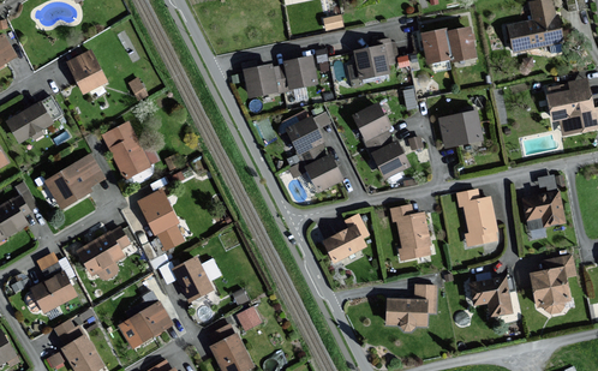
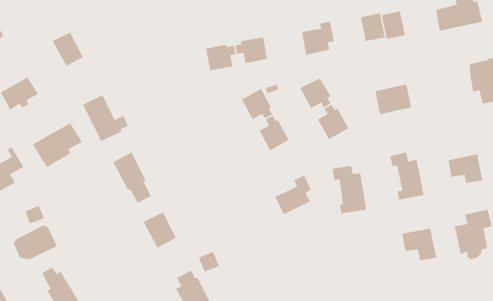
building: [74,227,127,282] -> none
building: [387,286,435,324] -> none
building: [118,301,172,348] -> none

